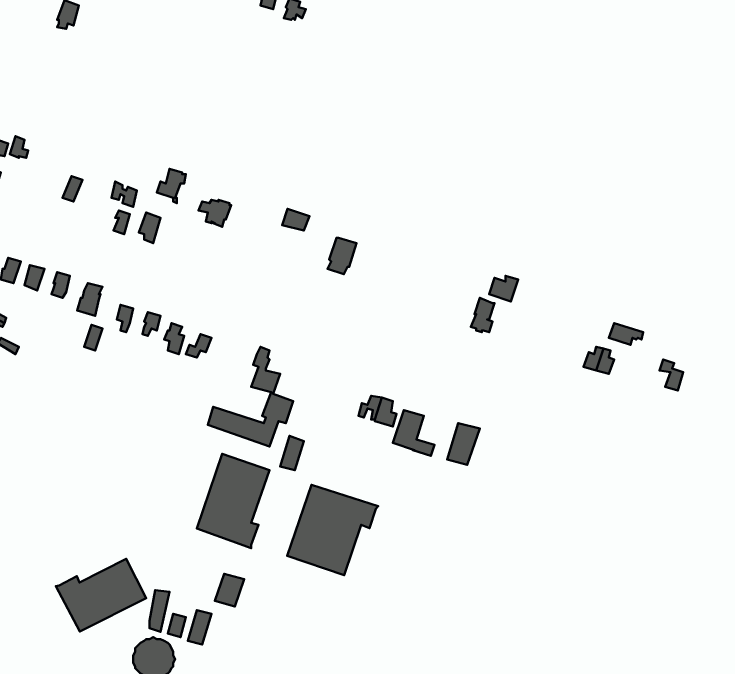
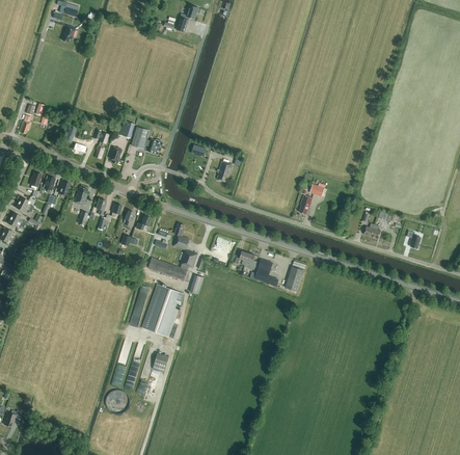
building: [287,485,378,575] -> none
building: [56,559,146,631] -> none

